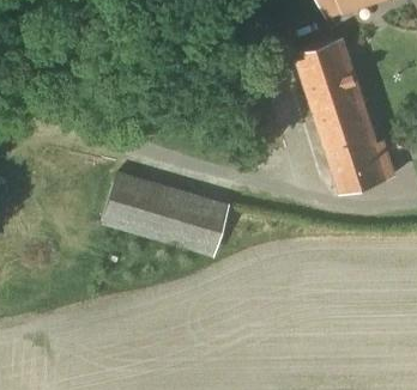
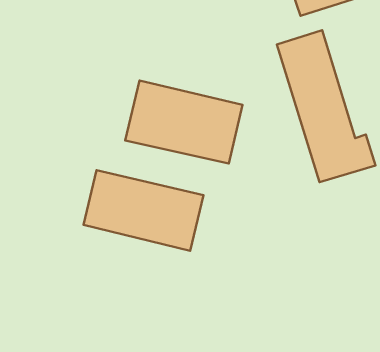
building: none -> [125,81,242,163]

